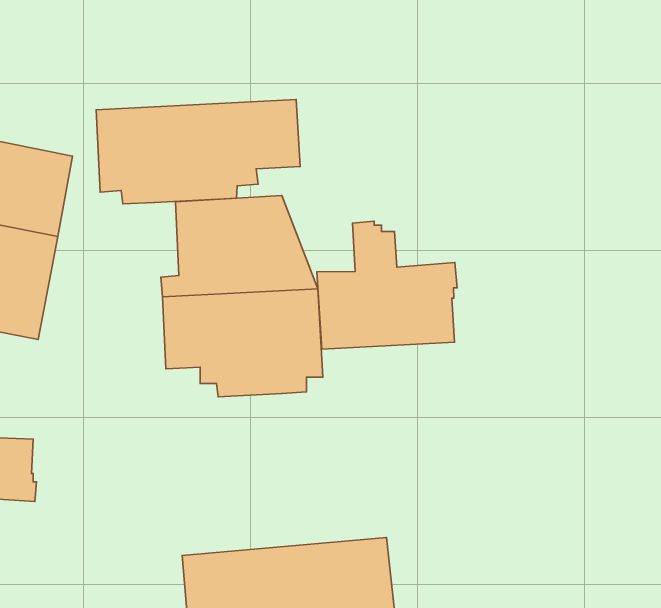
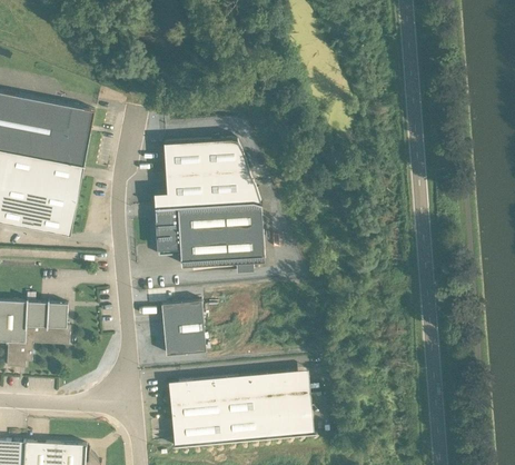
building: [96,99,300,204] -> none
building: [317,221,457,349] -> none
building: none -> [160,300,205,356]

